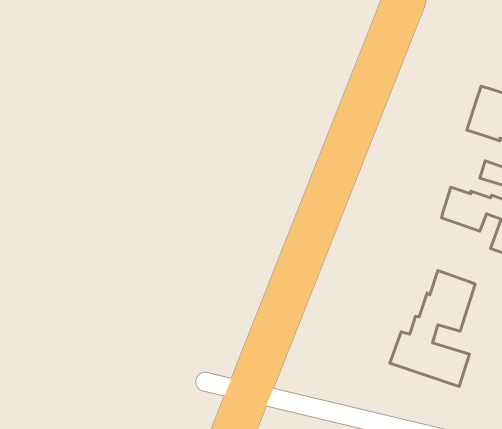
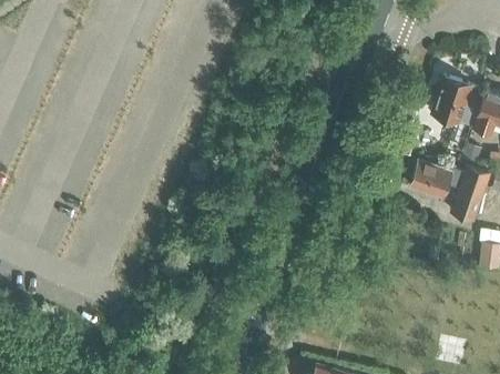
building: [390,271,475,386] -> none

